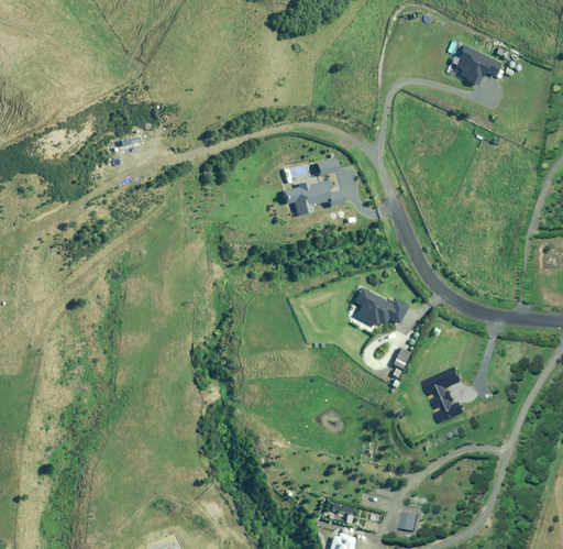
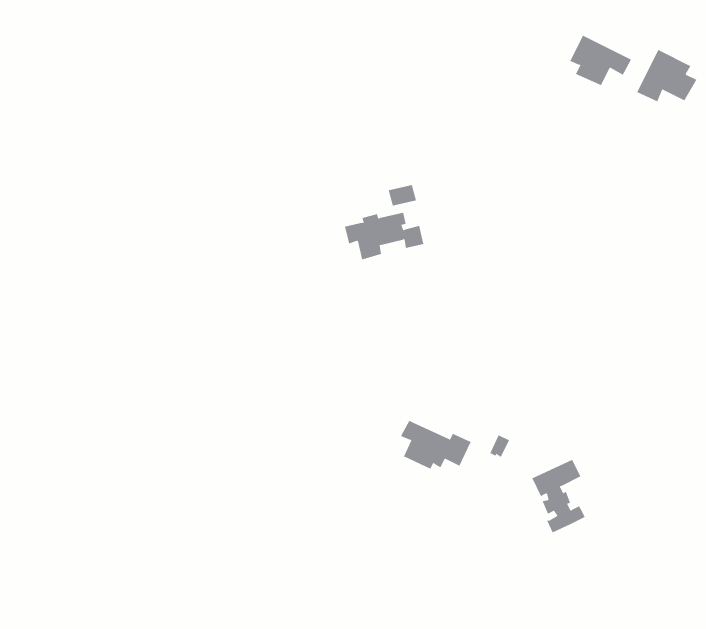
building: none -> [636,49,697,102]
building: [354,288,408,326] -> [400,420,471,469]

